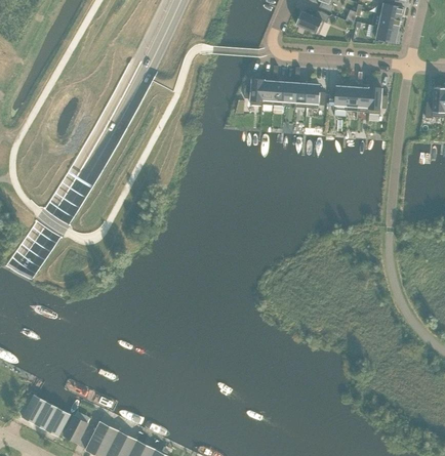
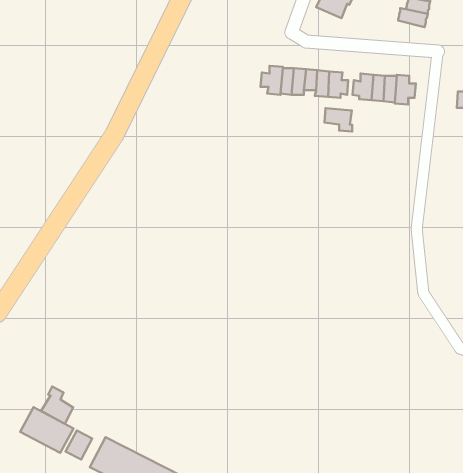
building: none -> [325,108,352,132]
building: none -> [41,387,73,424]

